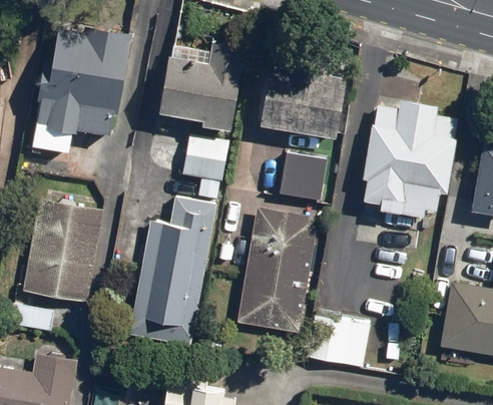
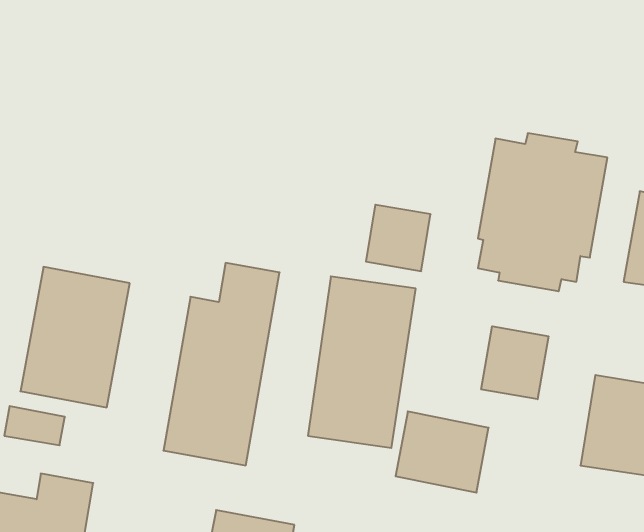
building: [34,21,132,152] -> none
building: [157,44,245,124] -> none
building: [261,71,346,138] -> none
building: [182,135,229,182] -> none
building: none -> [481,326,548,399]

